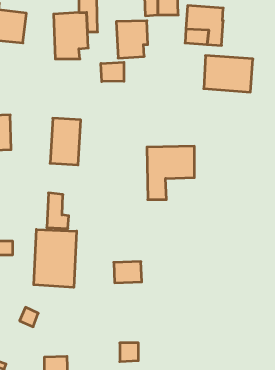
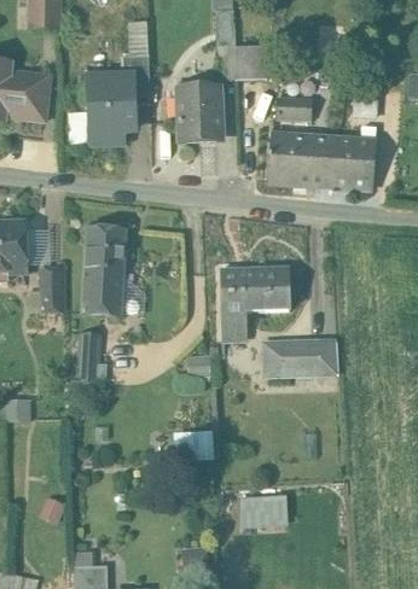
building: none -> [268,134,304,183]
building: [101,62,124,82] -> none
building: none -> [41,267,64,310]
building: none -> [82,290,123,316]
building: none -> [262,338,338,377]
building: [34,229,77,287] -> none
building: none -> [243,498,284,523]

